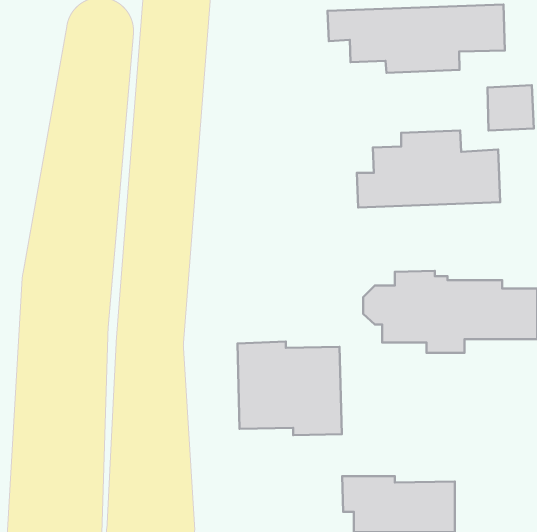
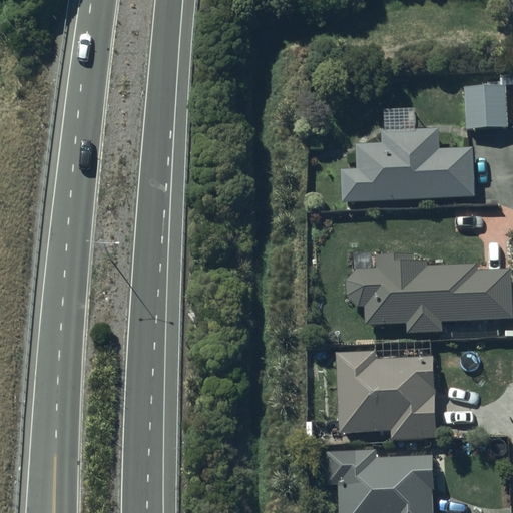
building: [327,4,505,73] -> none
building: [237,341,342,435] -> [337,353,436,442]

